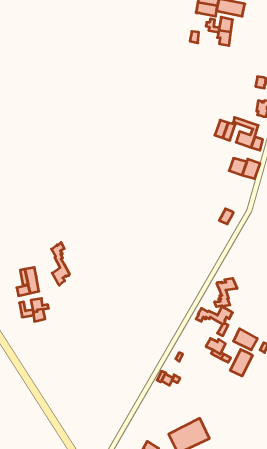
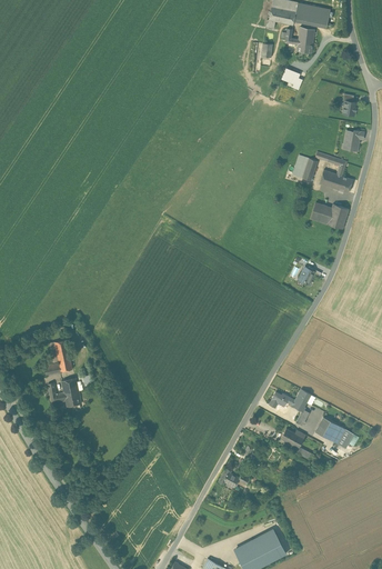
building: [51,242,69,285] -> none
building: [215,278,237,307] -> none
building: [230,349,252,376] -> none

